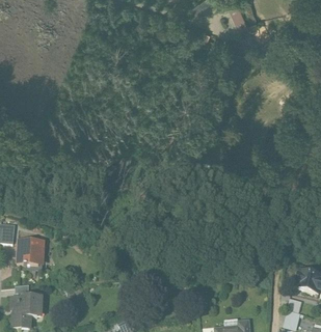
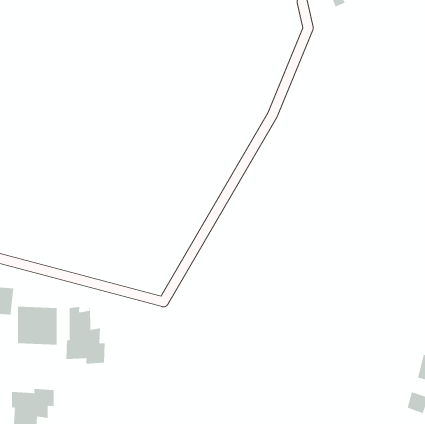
building: none -> [66,306,105,364]

